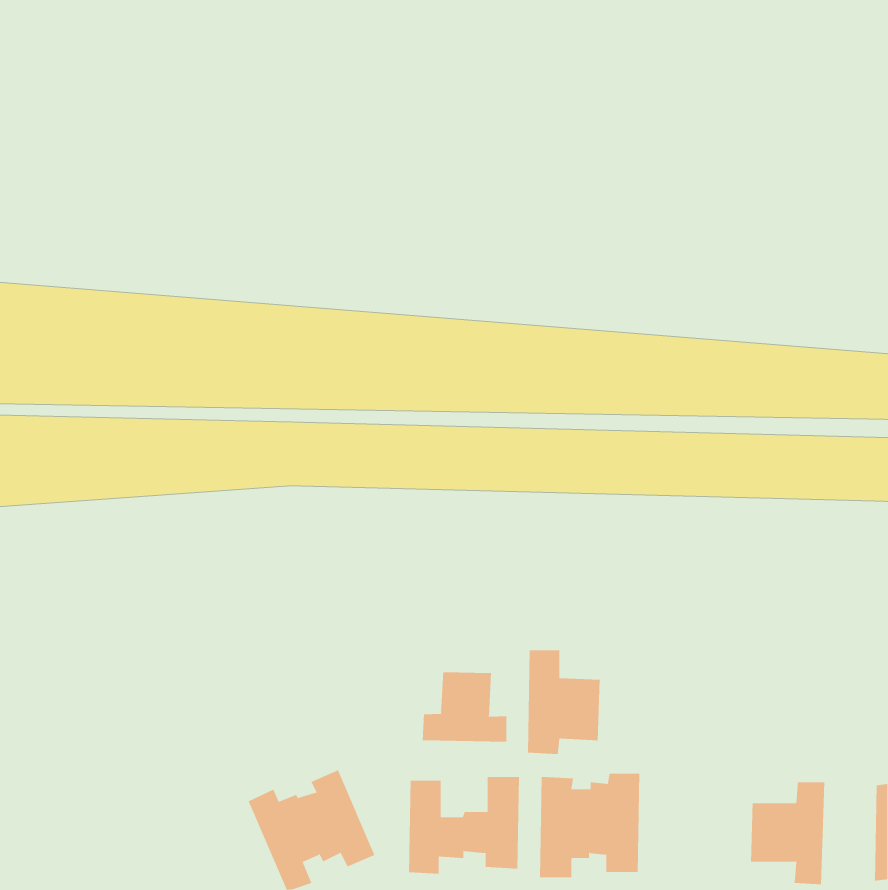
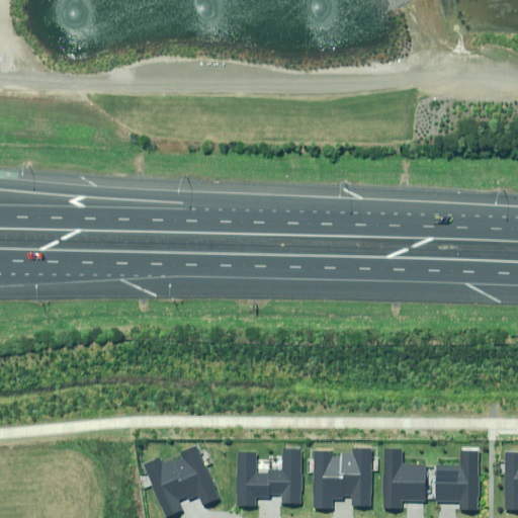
building: [527,650,600,755] -> [382,448,425,509]
building: [422,671,507,742] -> none

